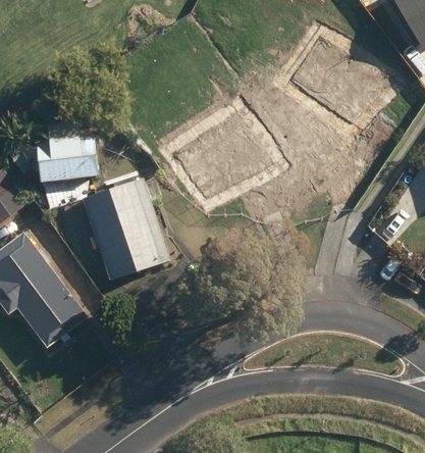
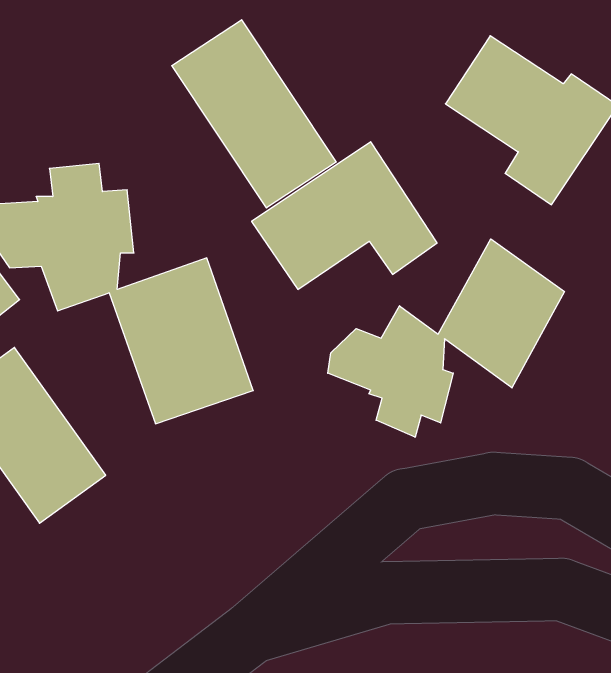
building: none -> [172,20,336,208]
building: none -> [328,239,564,437]

